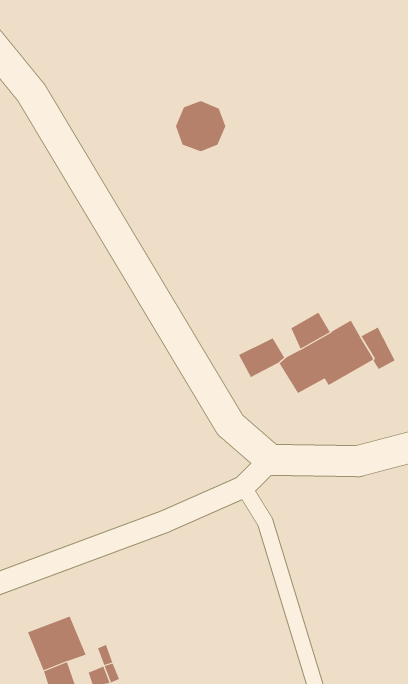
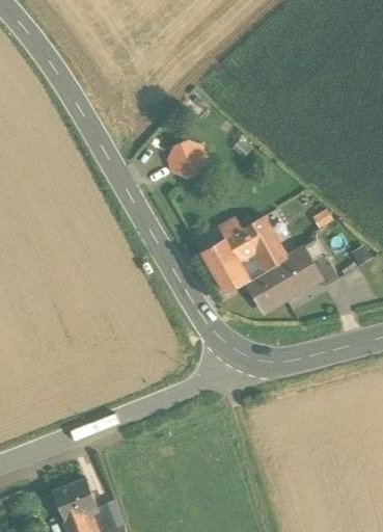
building: [175,101,226,152] -> [166,139,206,179]
building: none -> [242,217,277,256]
building: none -> [200,233,244,276]

